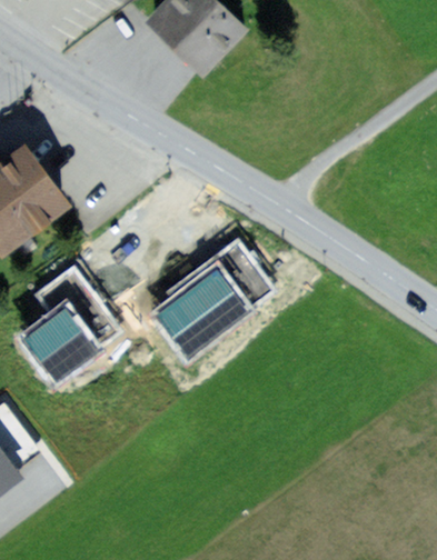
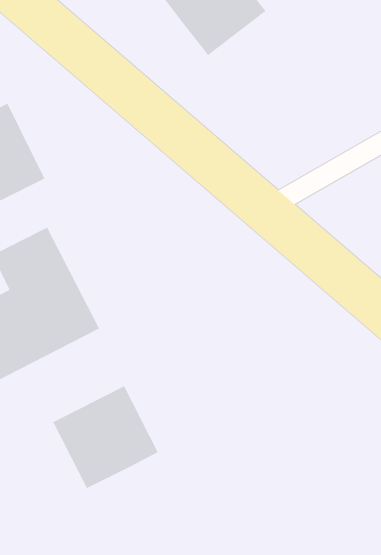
building: [150,239,270,344] -> none
building: none -> [52,385,159,489]

